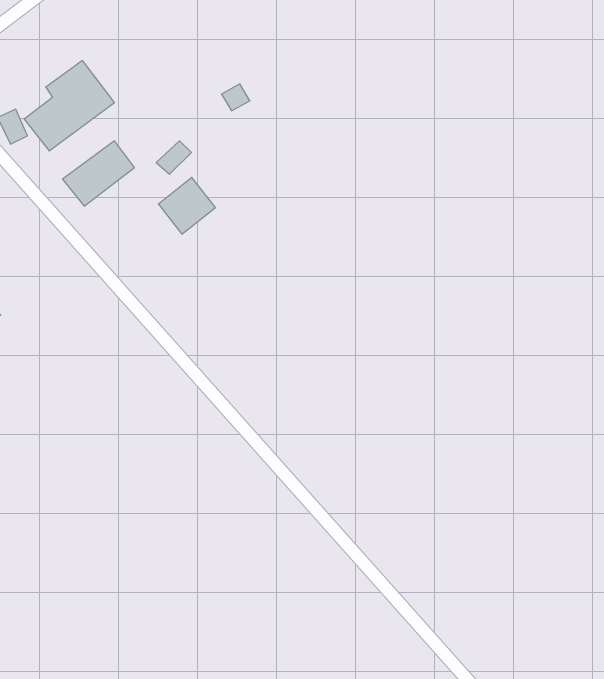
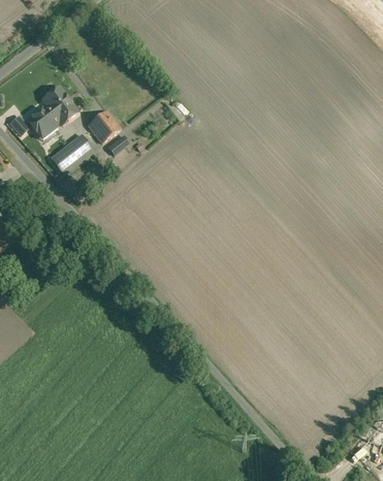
building: [158,177,215,234] -> [86,108,121,143]

